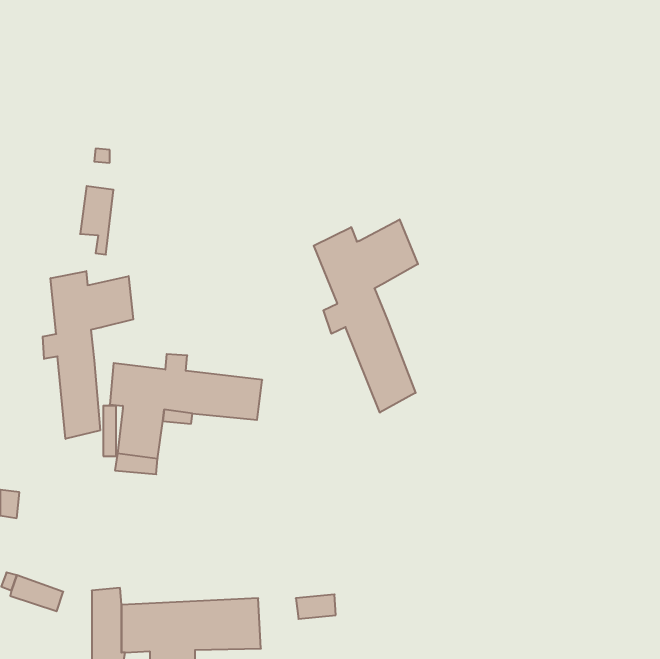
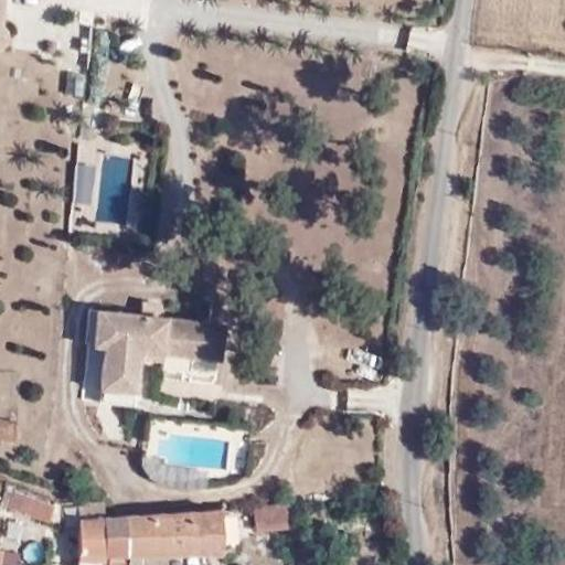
building: [314,219,418,413] -> none
building: [43,271,133,439] -> none

